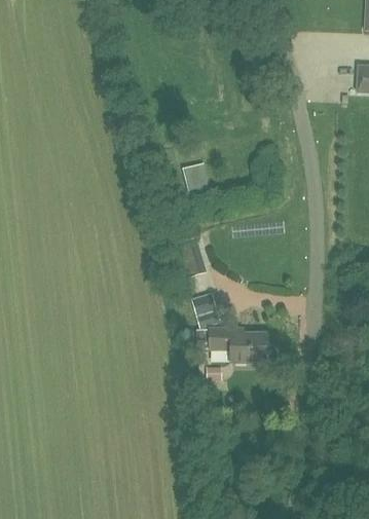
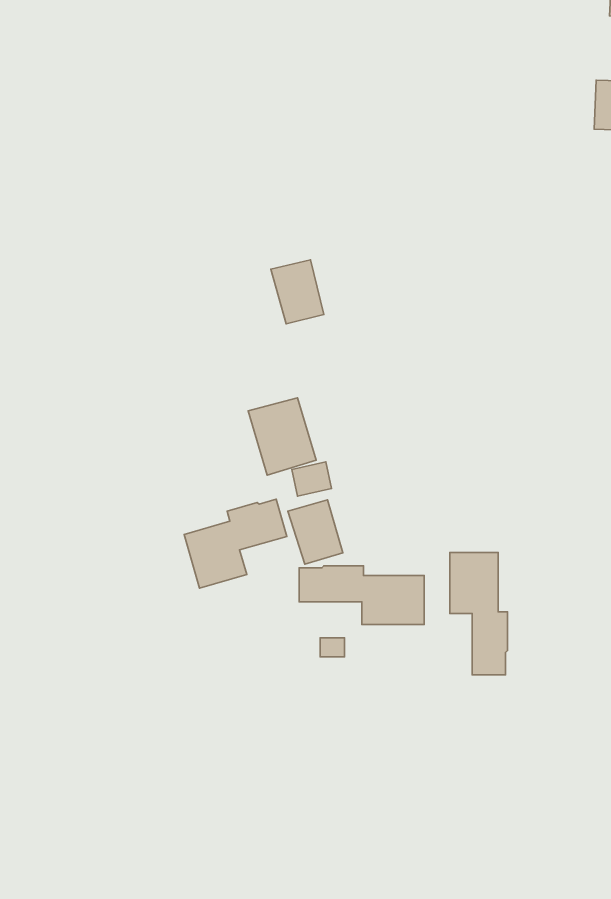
building: none -> [184,499,287,588]
building: none -> [450,552,507,675]

